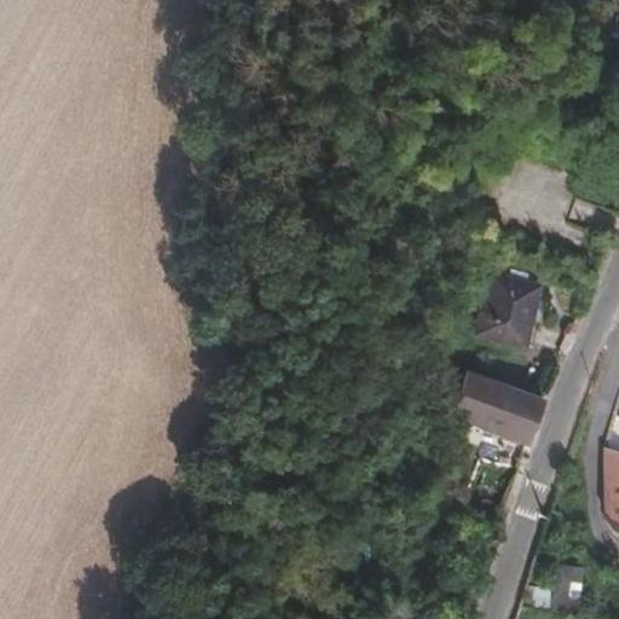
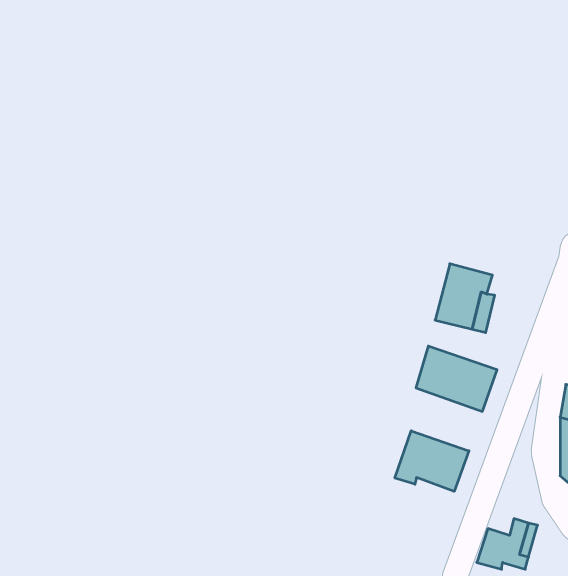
building: none -> [395,431,469,491]

